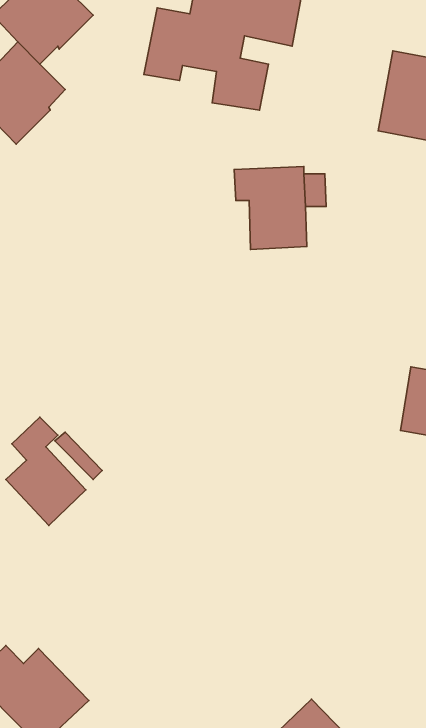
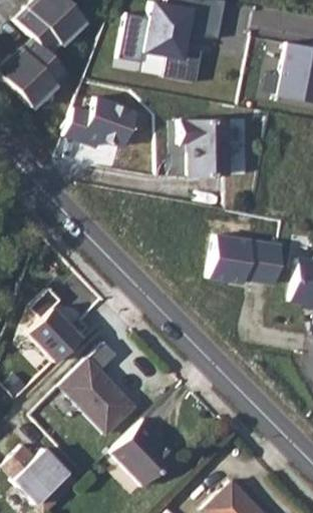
building: none -> [67,95,142,148]
building: none -> [211,232,287,286]
building: none -> [60,344,135,434]
building: none -> [110,420,174,486]

